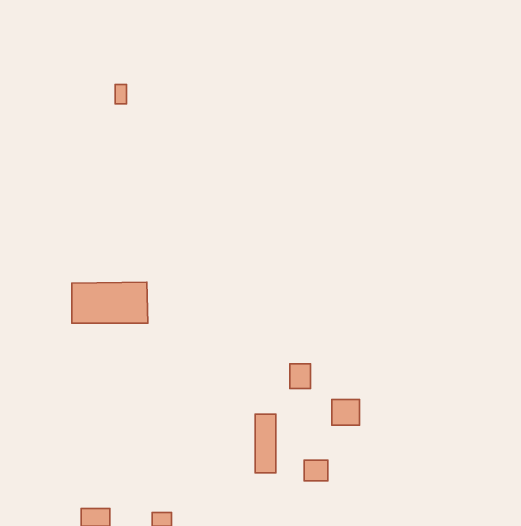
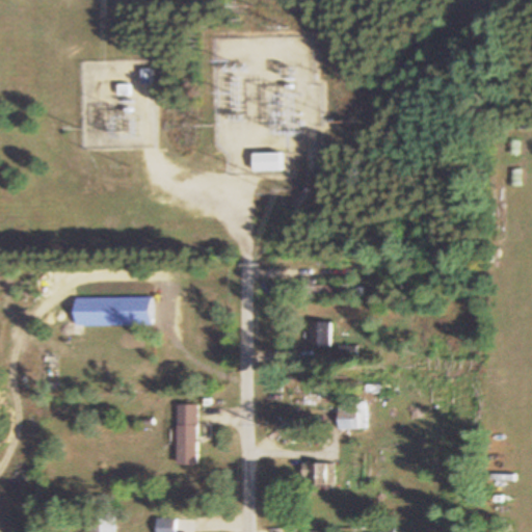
building: none -> [250,152,277,170]
building: [290,364,311,389] -> [309,322,329,347]
building: [255,414,276,473] -> [176,405,196,464]

